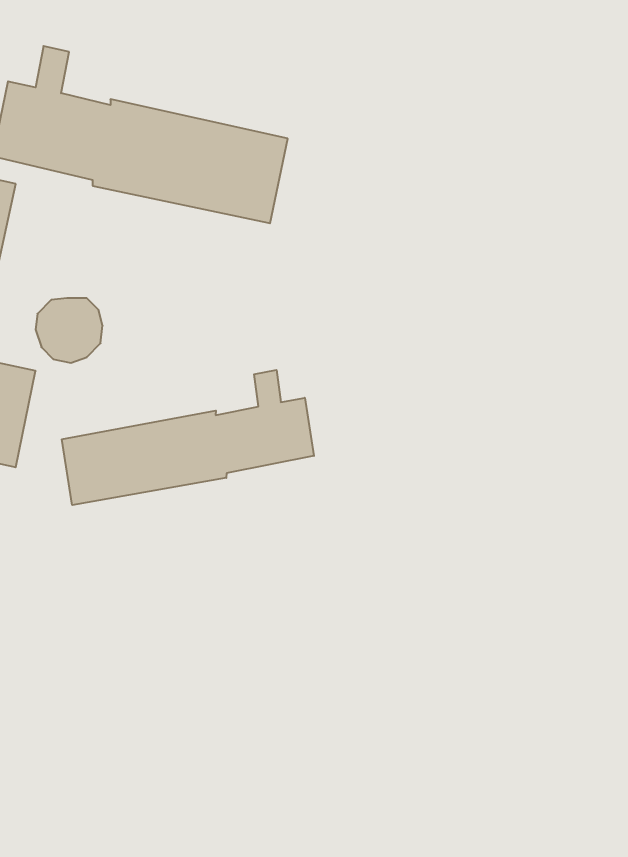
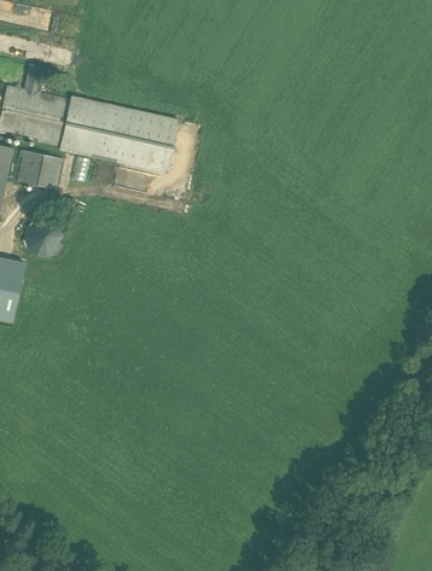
building: none -> [17,150,60,188]
building: [62,370,314,505] -> none

